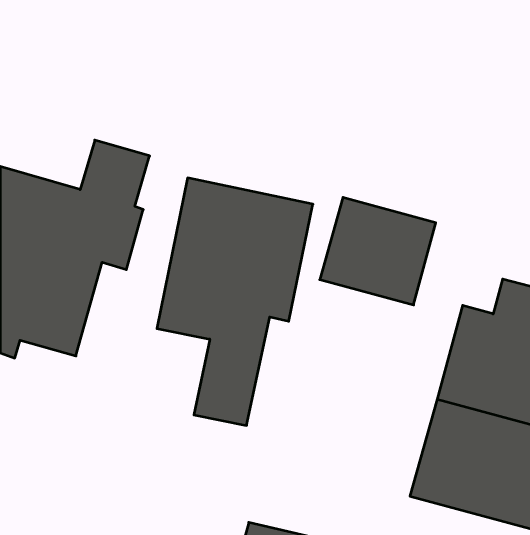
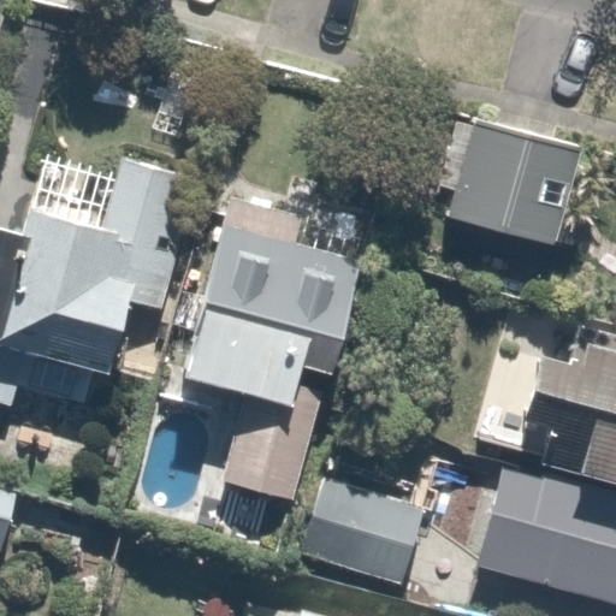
building: [320,197,436,305] -> [449,123,581,245]
building: none -> [301,464,428,590]

